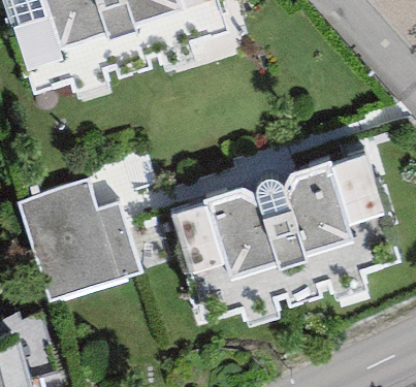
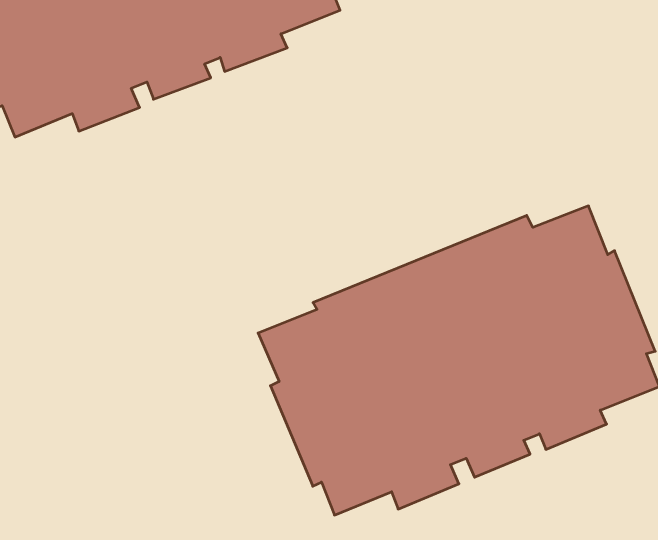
building: [25,178,138,293] -> none

